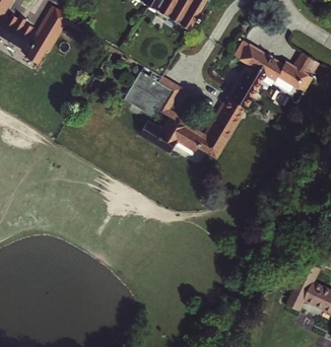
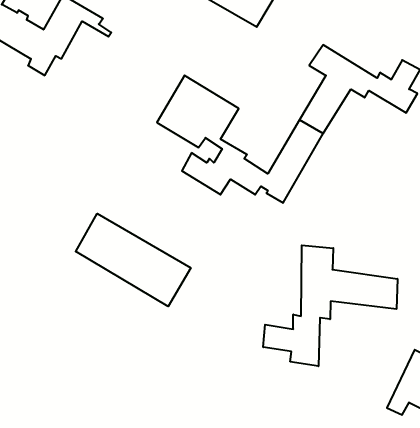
building: none -> [76,214,191,306]
building: none -> [263,245,397,366]

